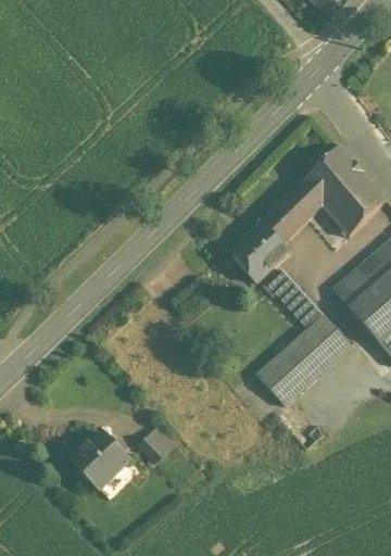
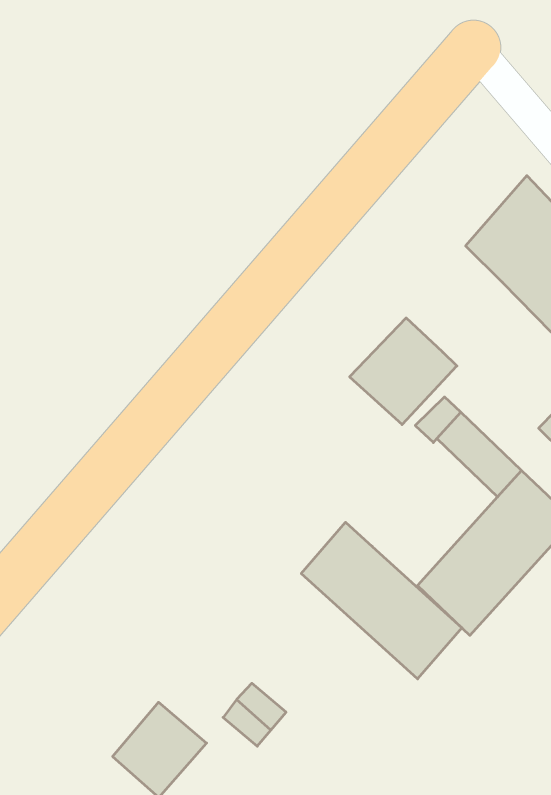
building: [262,181,319,242] -> none
building: none -> [301,522,462,679]

